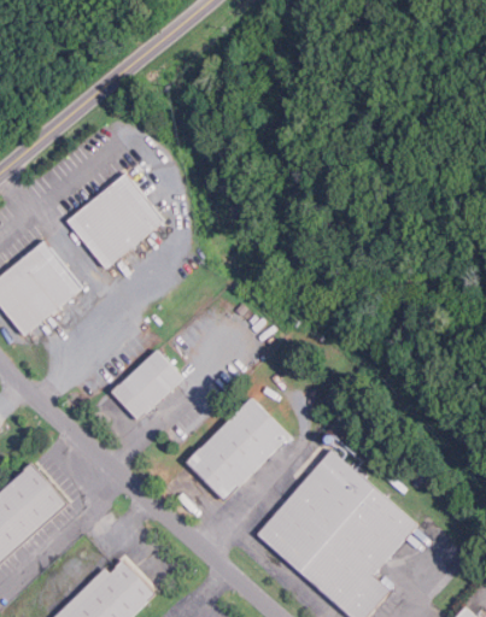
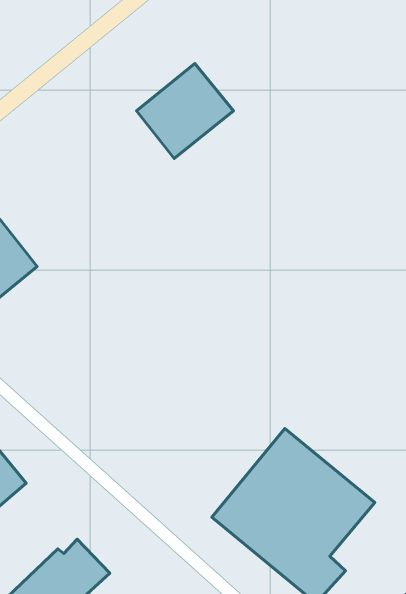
building: [66,174,163,268] -> [136,63,234,158]
building: [111,349,181,418] -> none
building: [191,396,291,499] -> none

